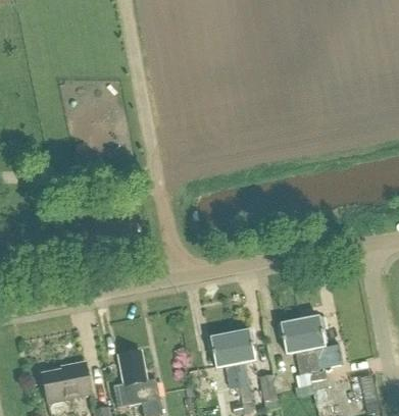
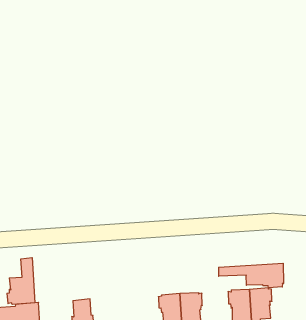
building: none -> [219,263,284,288]
building: none -> [7,258,35,304]

